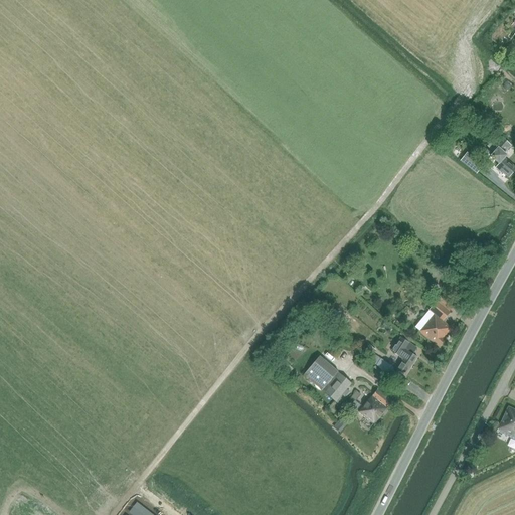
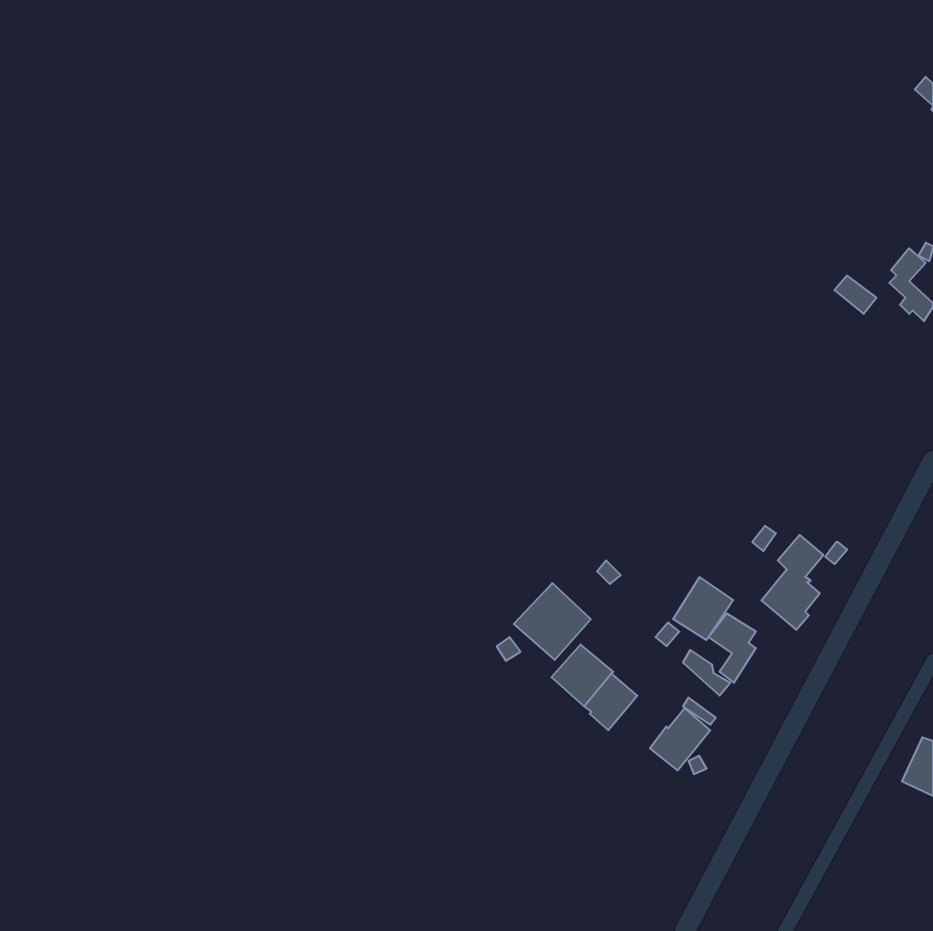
building: none -> [673,577,733,640]
building: none -> [514,583,591,660]

